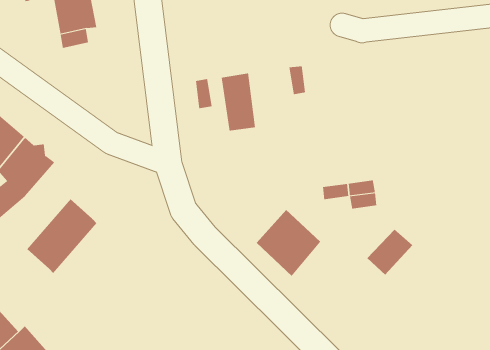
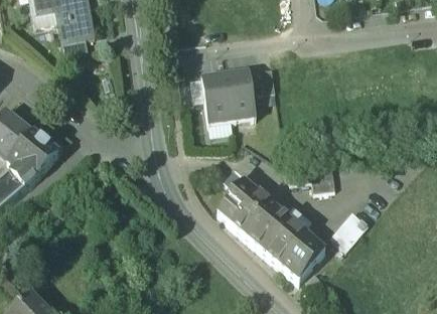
building: none -> [227,70,257,121]
building: none -> [220,180,259,220]
building: [27,198,97,274] -> none
building: none -> [264,219,325,280]

